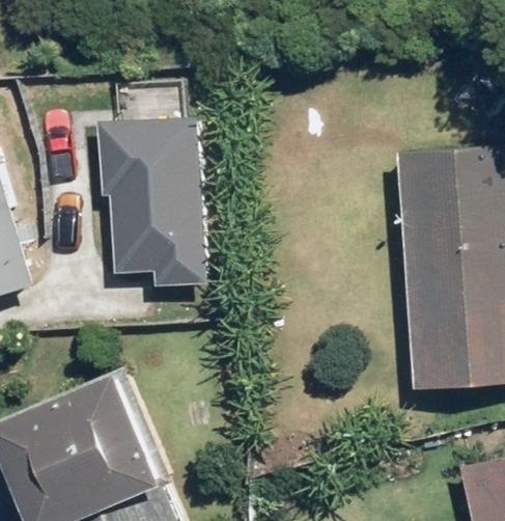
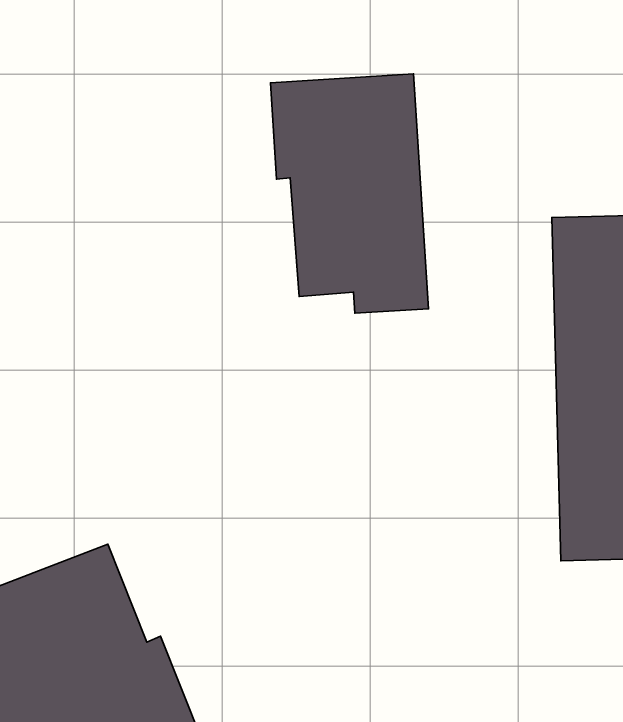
building: [105,115,214,280] -> [271,74,429,313]

